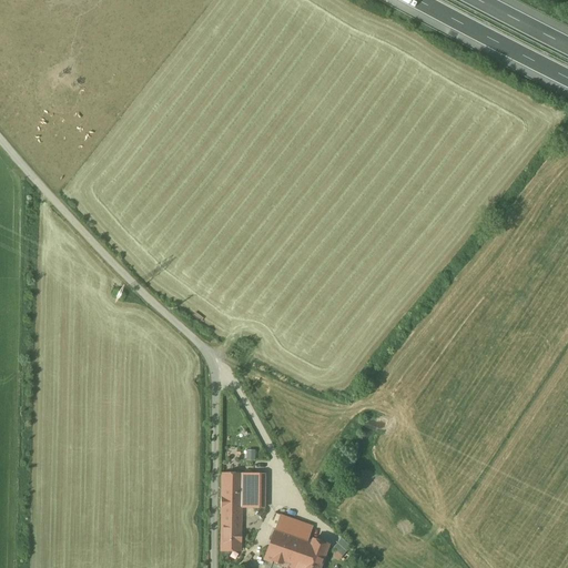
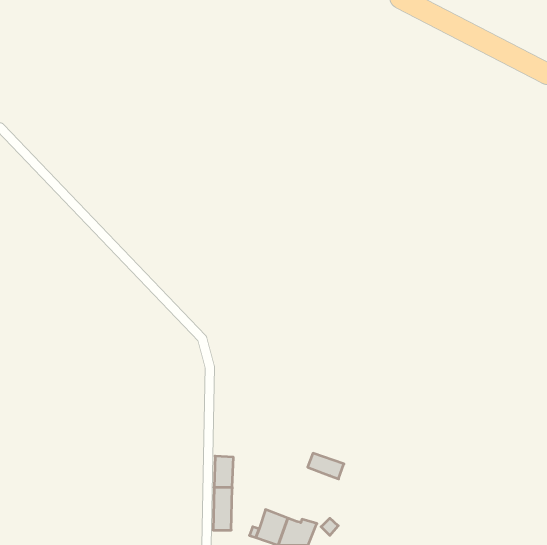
building: [241,473,264,507] -> none
building: [275,514,313,540] -> [308,453,344,479]

